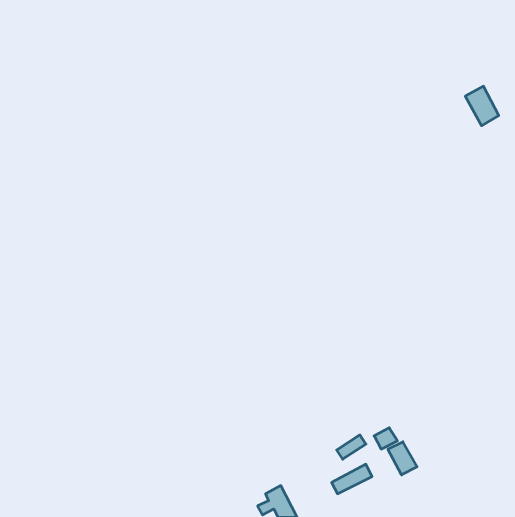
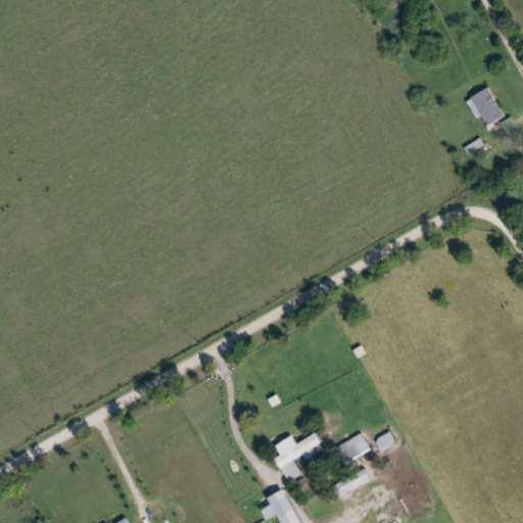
building: none -> [275,433,320,481]
building: [388,442,417,475] -> none

